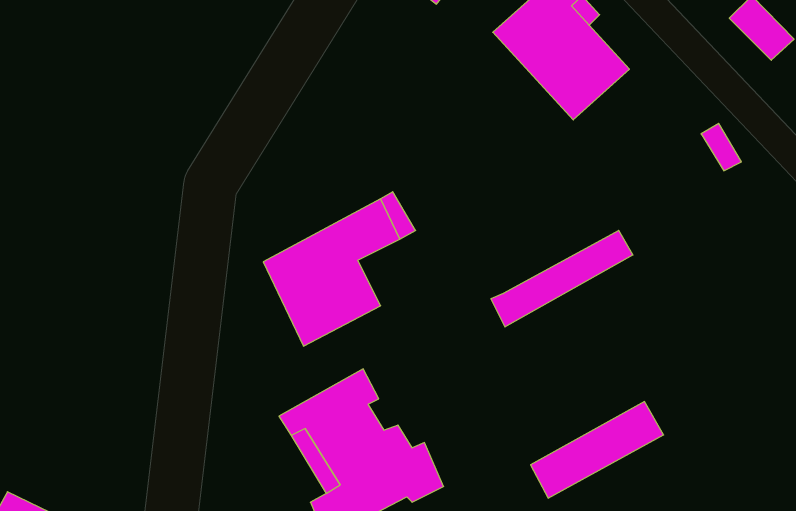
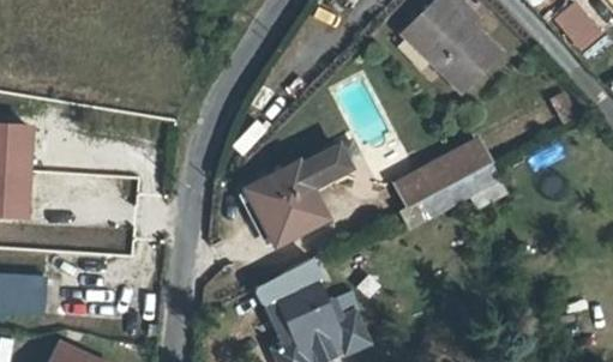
building: [531,402,664,498] -> [396,143,487,209]

